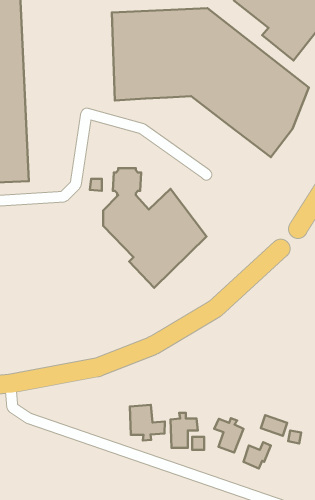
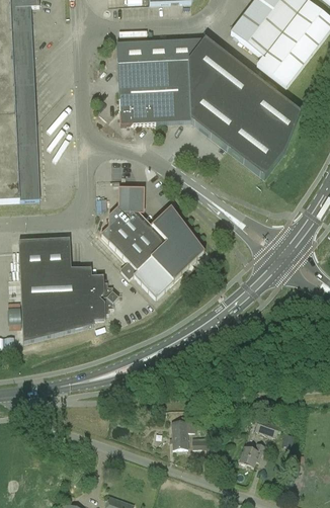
building: none -> [19,236,119,340]
building: [130,405,165,440] -> none
building: [214,418,243,453] -> none

